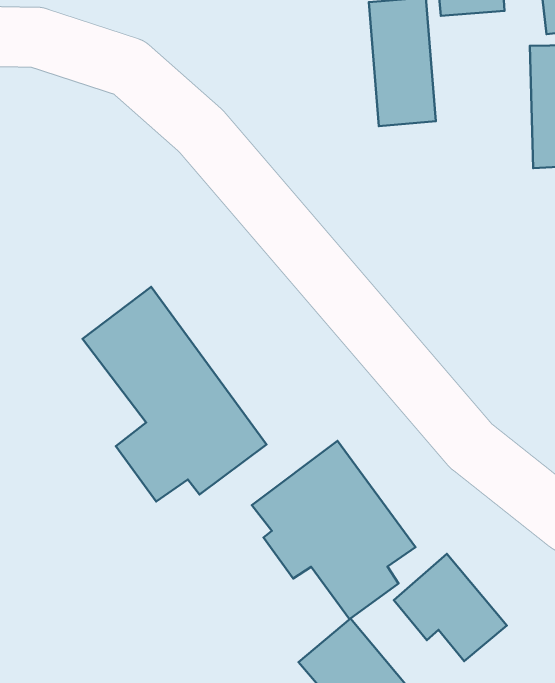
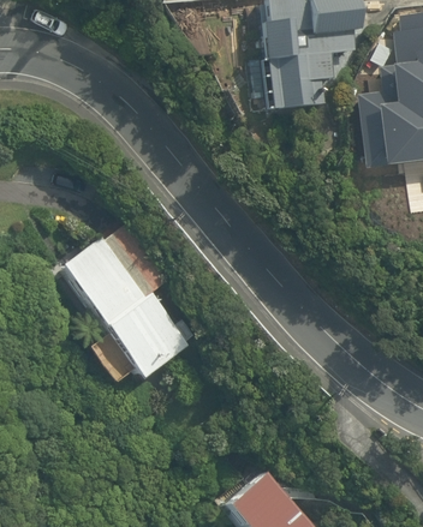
building: [252,441,415,619] -> none
building: [394,554,507,661] -> none

